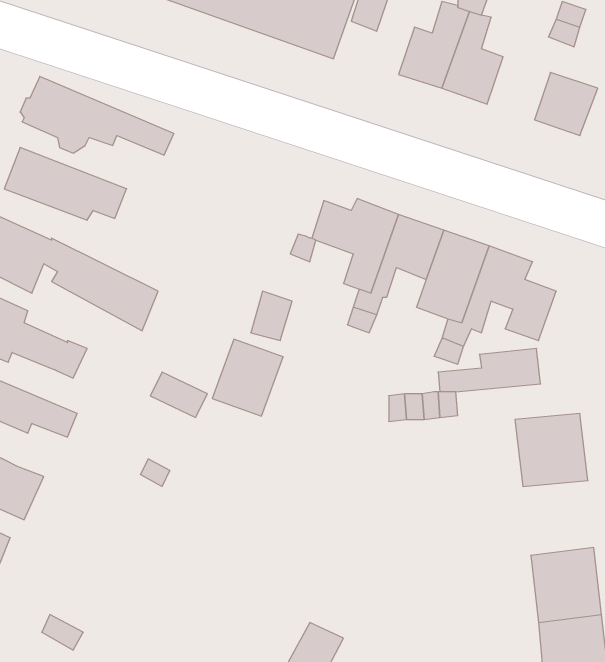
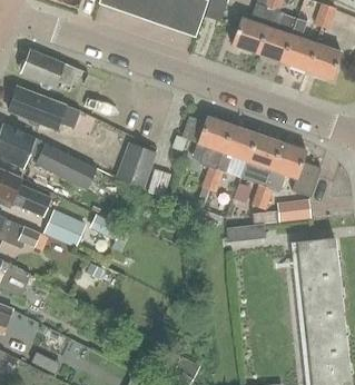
building: none -> [282,17,317,71]
building: [212,339,283,416] -> [114,144,154,187]
building: none -> [42,208,86,247]
building: none -> [302,275,342,317]

